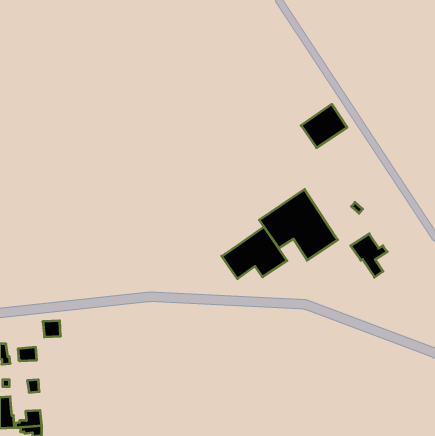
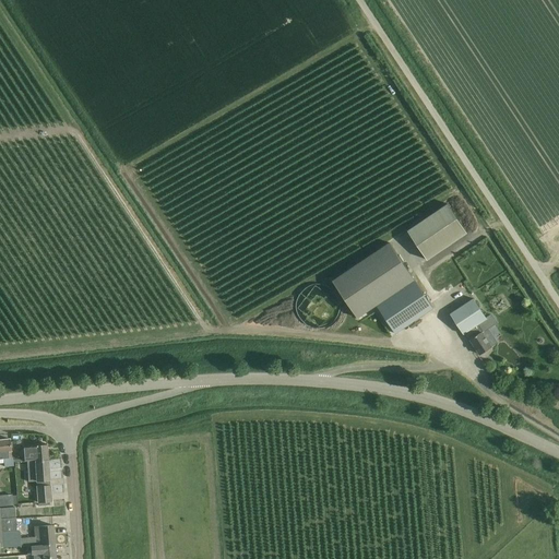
building: [301,104,347,148] -> [407,203,466,259]
building: [222,227,287,279] -> none
building: [43,321,61,337] -> [25,461,48,481]

